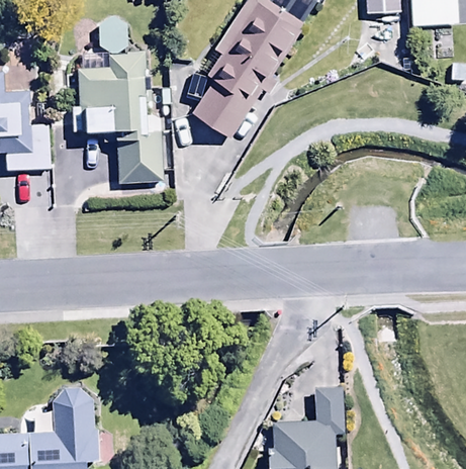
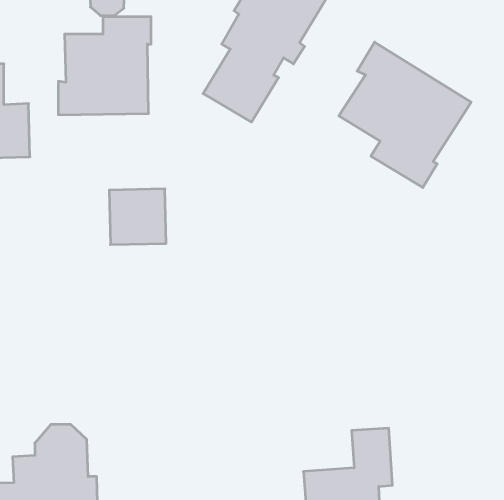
building: none -> [339,42,471,188]
building: [117,138,164,184] -> [109,189,166,245]

